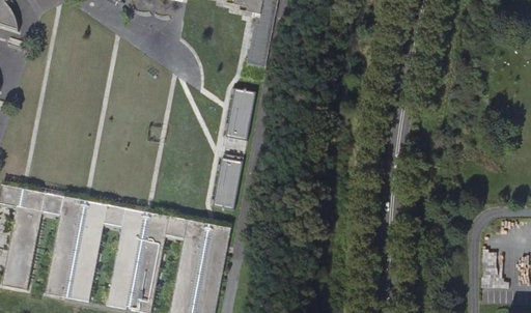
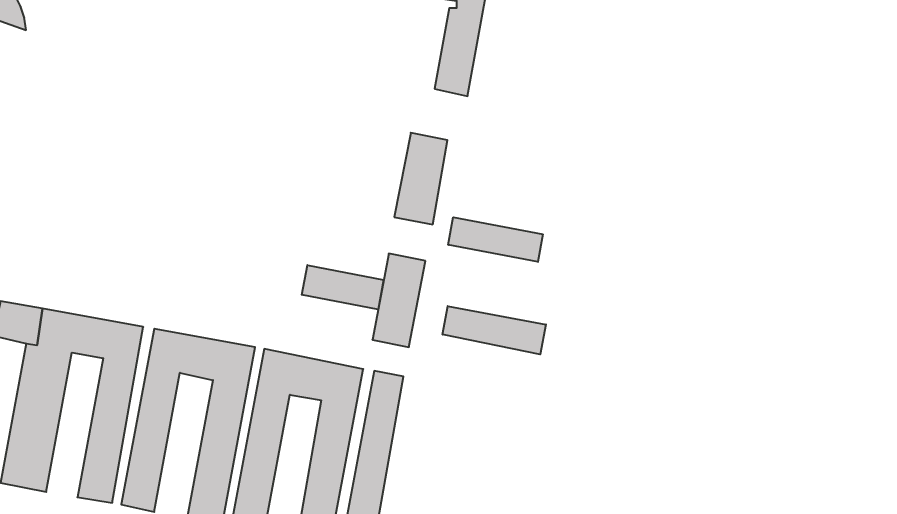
building: none -> [448,217,543,262]
building: none -> [302,265,384,310]
building: none -> [443,306,546,354]

